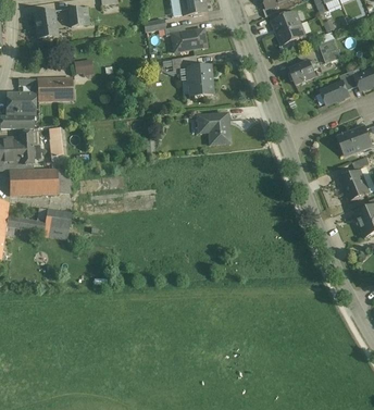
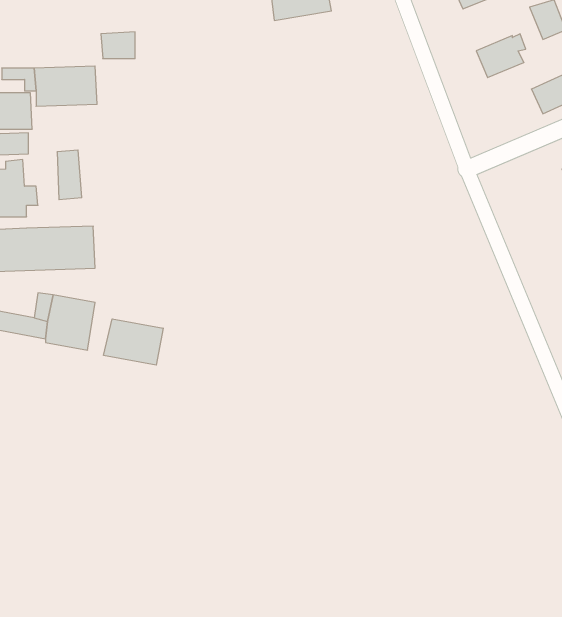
building: [186,65,212,96] -> none
building: [196,113,229,145] -> none
building: none -> [104,319,163,365]

